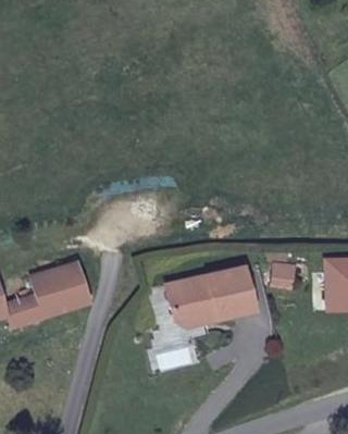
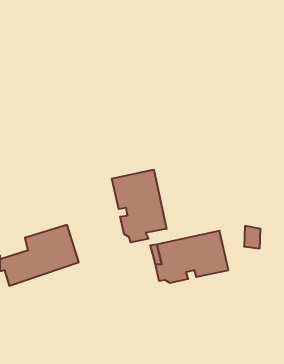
building: none -> [112,170,167,242]

